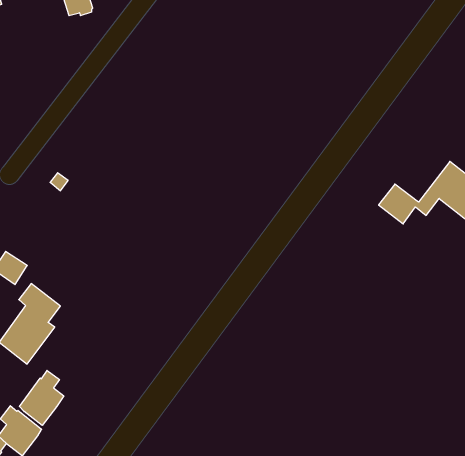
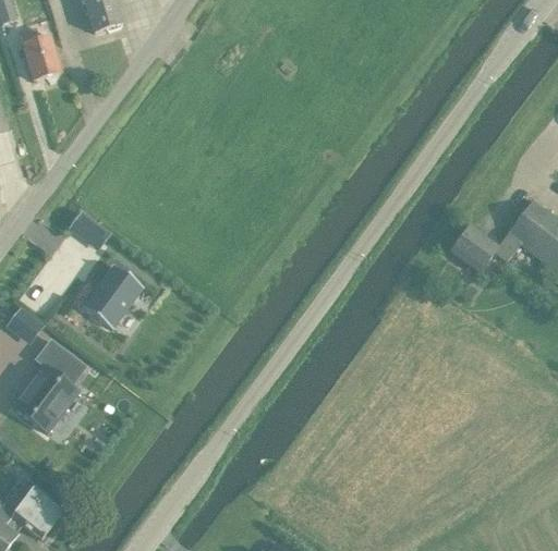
building: none -> [20,28,60,79]
building: none -> [82,265,143,328]
building: [19,370,64,425] -> none

